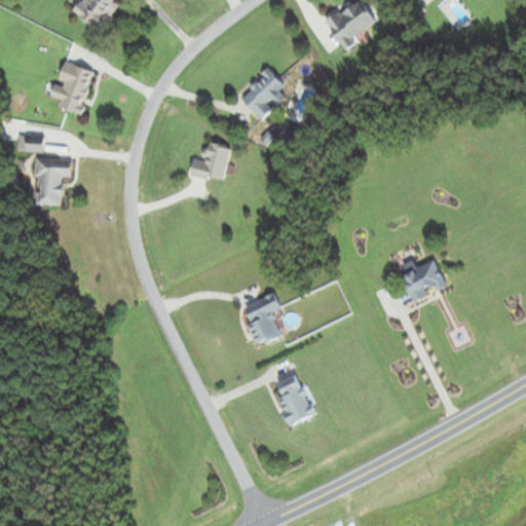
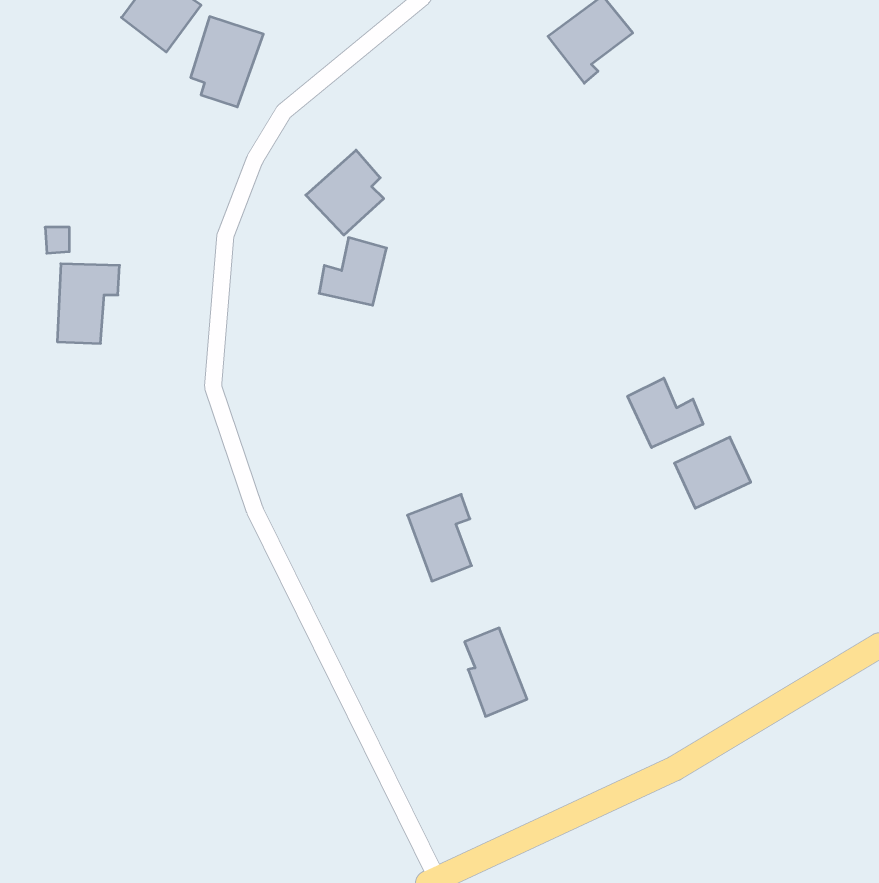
building: [51,60,95,113] -> [191,17,263,107]
building: [238,68,285,118] -> [306,150,384,235]
building: none -> [628,378,703,448]

